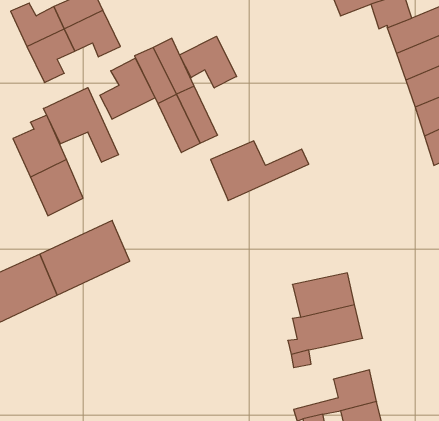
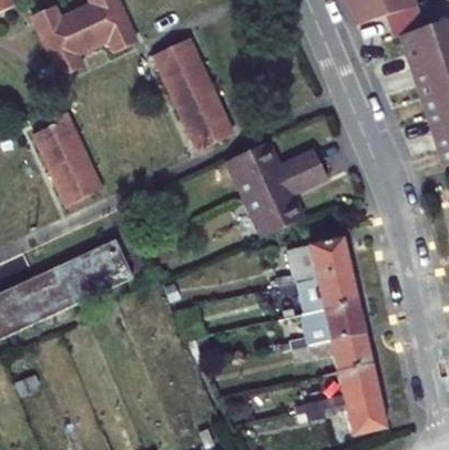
building: [180,36,237,88] -> none
building: [100,58,155,119] -> none
building: [43,88,119,162] -> none
building: none -> [242,163,324,235]
building: none -> [284,233,355,280]
building: none -> [334,328,376,367]

